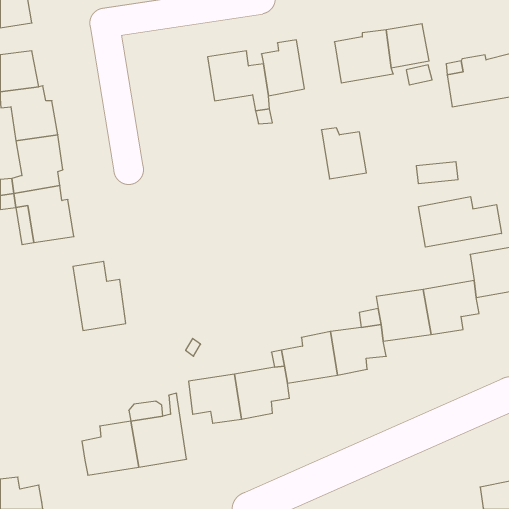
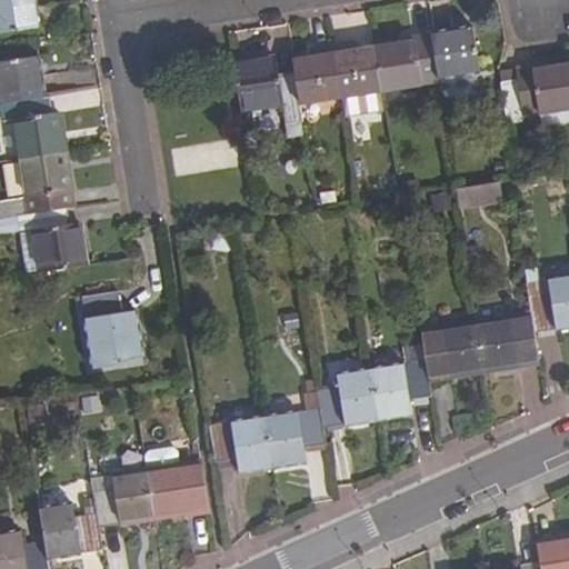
building: [321,128,366,179] -> [331,42,381,99]
building: [419,197,501,247] -> none
building: none -> [39,503,102,559]

